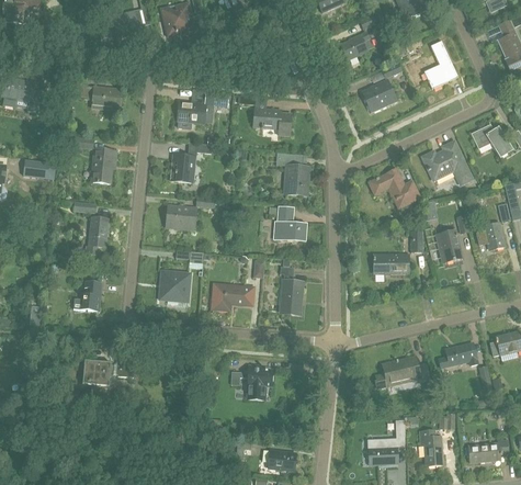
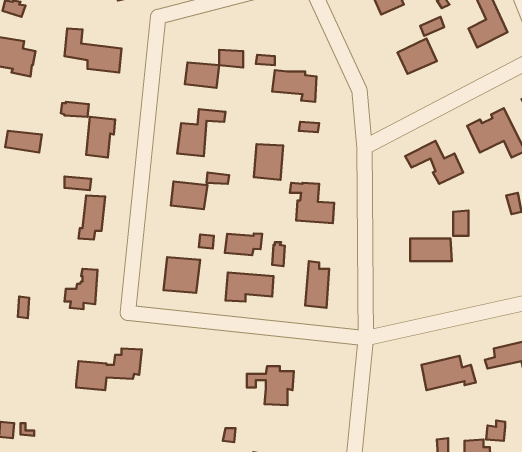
building: [284,165,309,195] -> [254,144,283,180]
building: [434,229,461,261] -> none
building: none -> [225,233,262,255]

